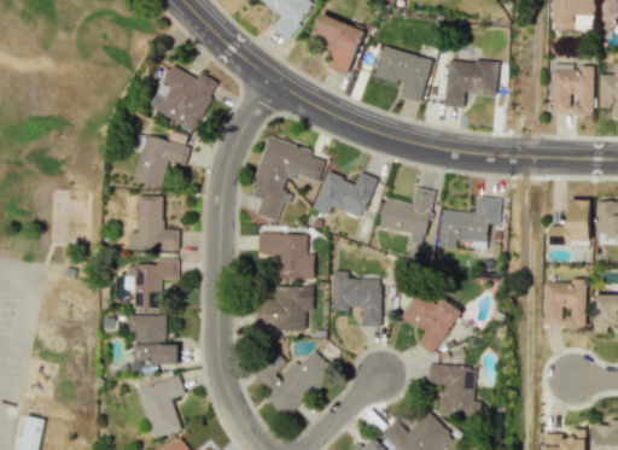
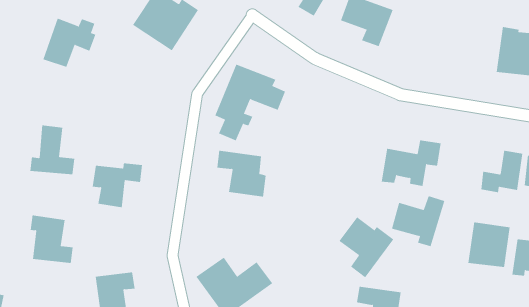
building: [444,58,499,107] -> none
building: [134,130,190,186] -> [42,18,96,68]
building: [313,171,377,217] -> none
building: [379,187,435,242] -> [391,196,445,247]
building: [130,195,179,247] -> [30,125,75,175]
building: [332,270,381,326] -> none
building: [257,286,313,331] -> none
building: [129,314,179,362] -> [30,215,73,263]

